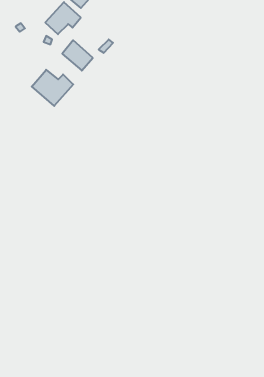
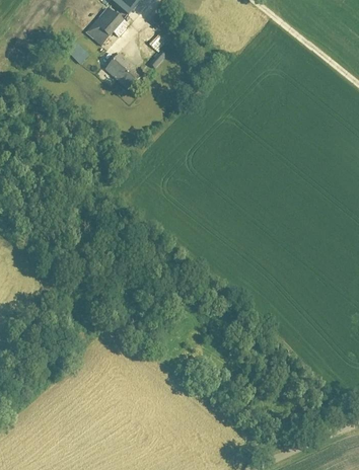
building: [32,70,73,106] -> none

